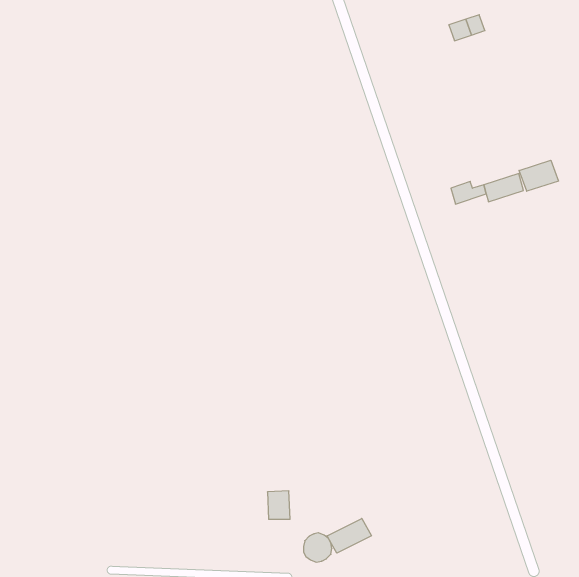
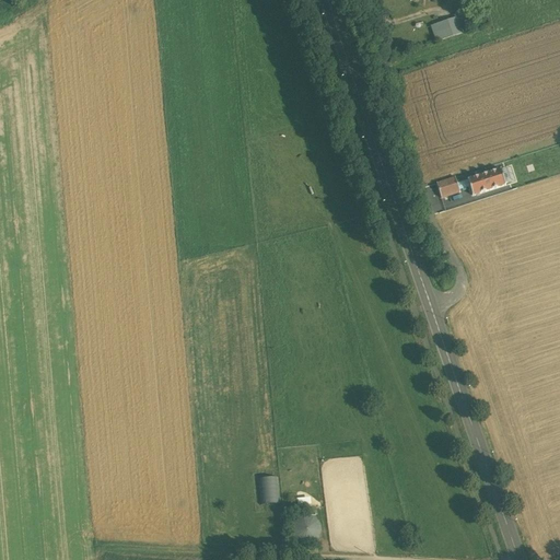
building: [519,160,558,191] -> none
building: [327,518,371,553] -> none

